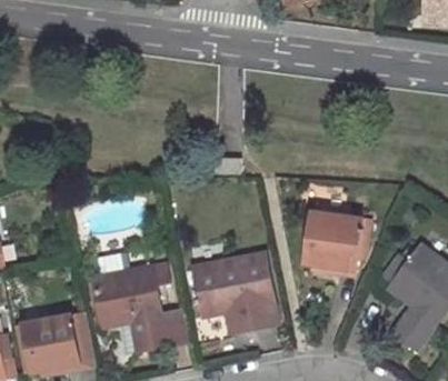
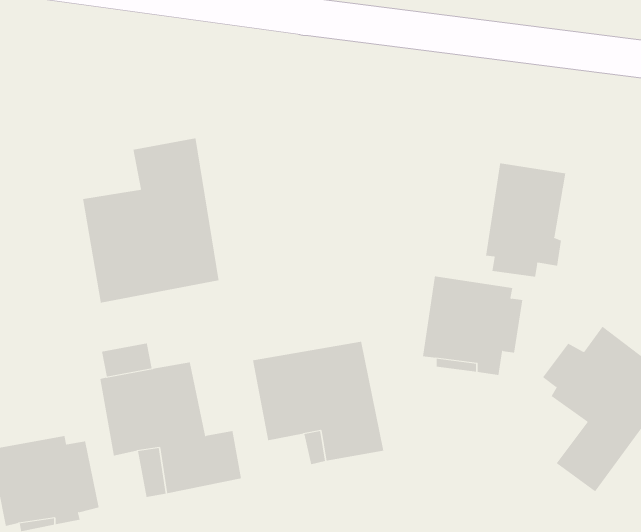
building: none -> [82,138,219,303]
building: none -> [486,163,566,277]

